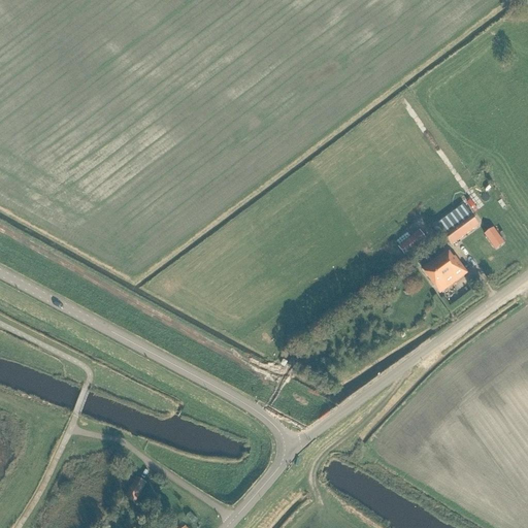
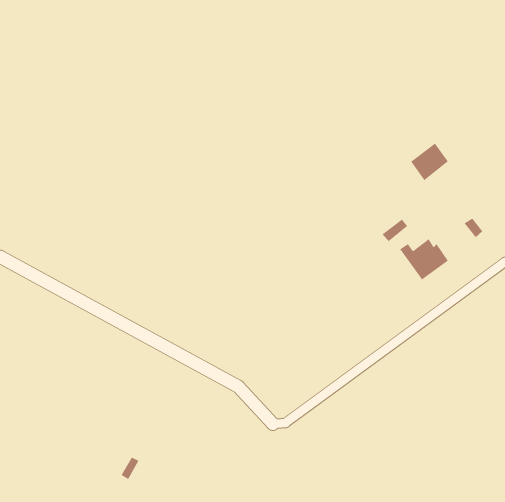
building: [437,203,477,243] -> [410,143,449,181]

